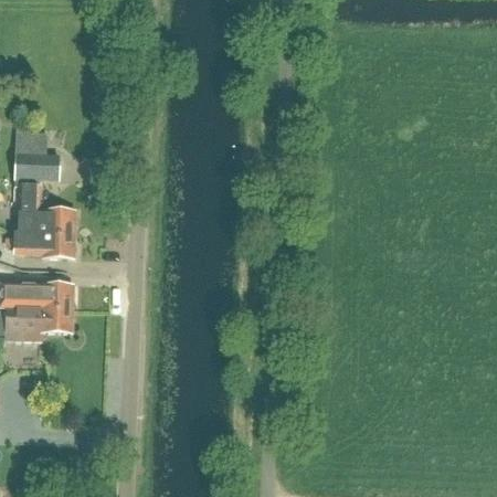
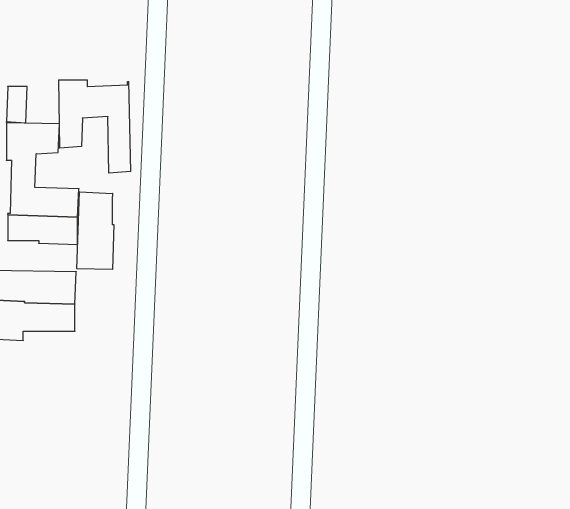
building: none -> [59,80,131,173]
building: none -> [77,192,114,269]

